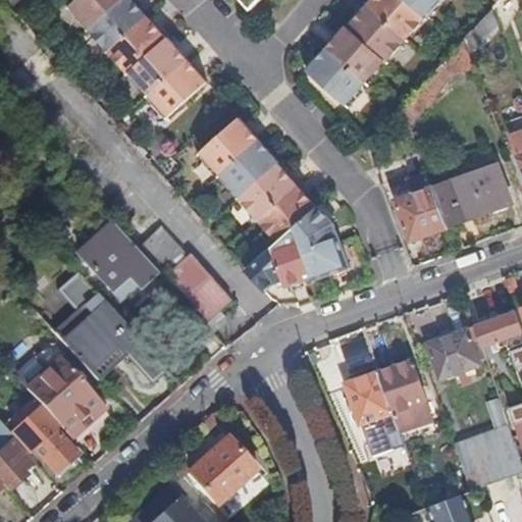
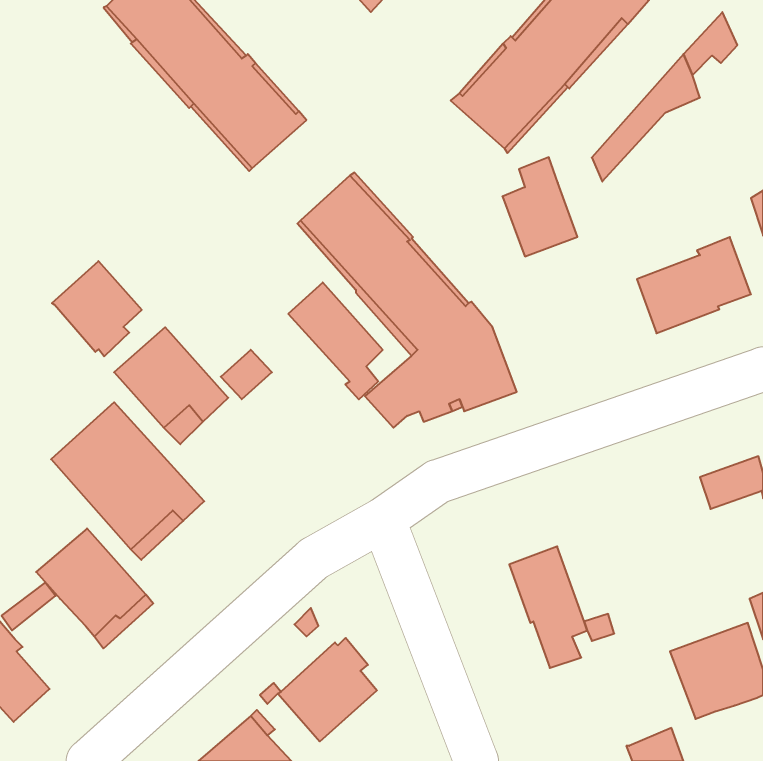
building: [395,172,446,240] -> [502,157,577,256]
building: none -> [52,261,142,356]
building: [166,254,230,333] -> [288,282,383,399]
building: [427,327,480,377] -> none
building: [378,359,425,411] -> none
building: [10,407,77,474] -> none

